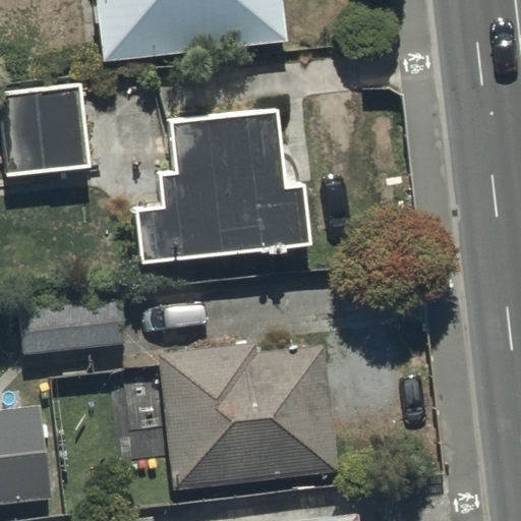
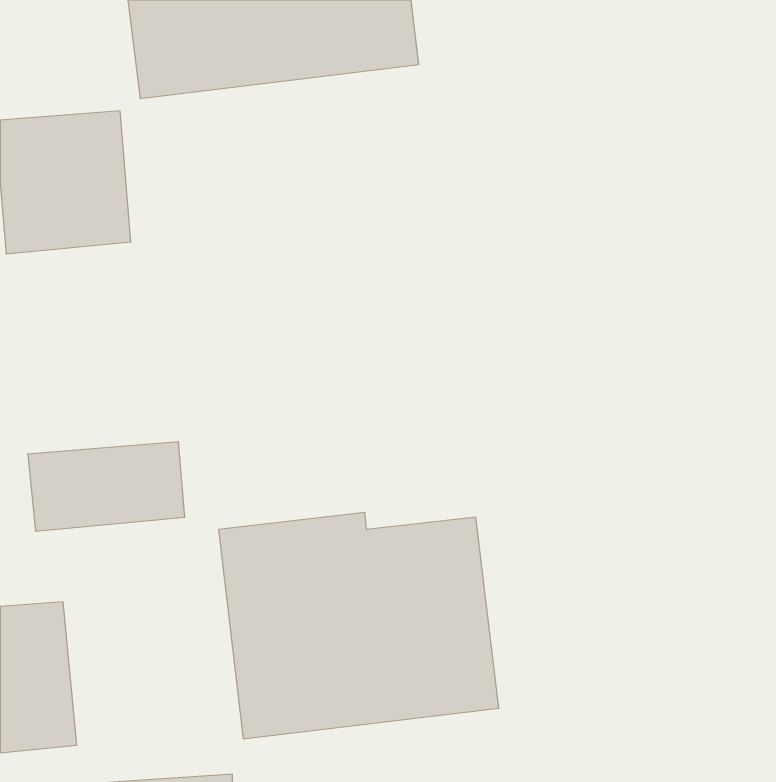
building: [132,115,307,263] -> none

